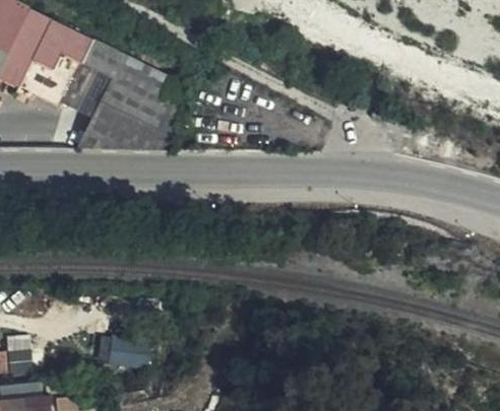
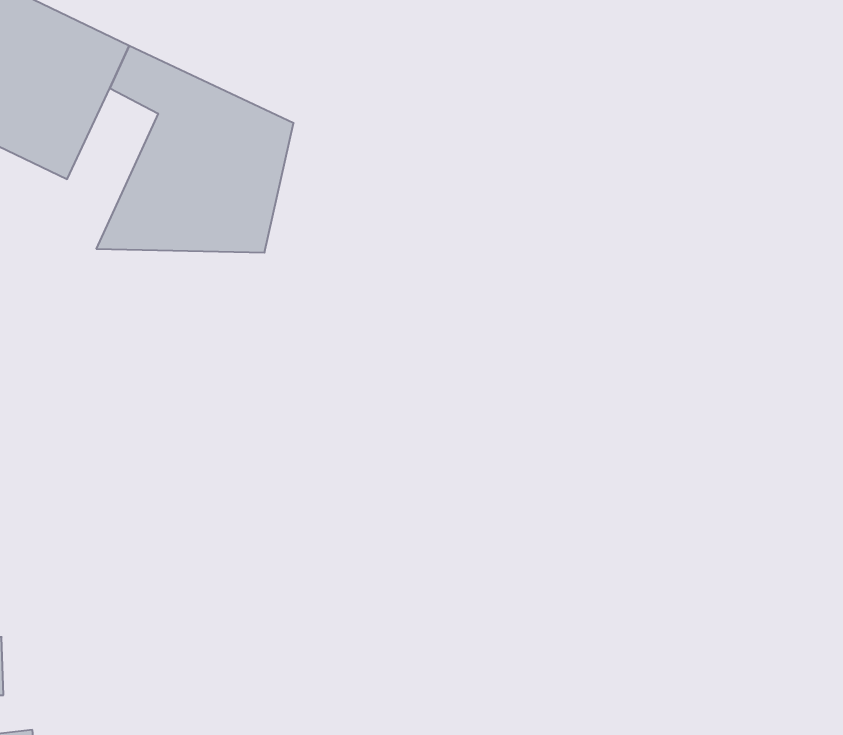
building: [87,336,141,366] -> none

